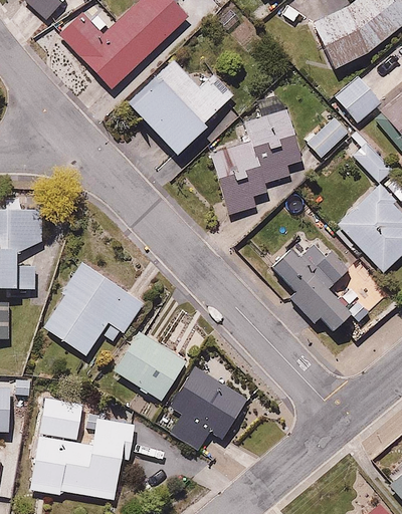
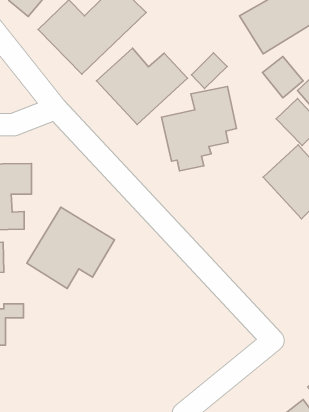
building: [304,113,348,158] -> [192,53,227,89]
building: [267,237,351,334] -> none
building: [111,328,190,404] -> none
building: [168,364,248,454] -> none
building: [29,395,137,496] -> none

